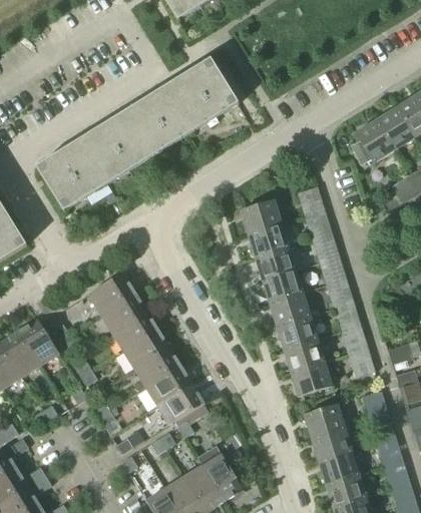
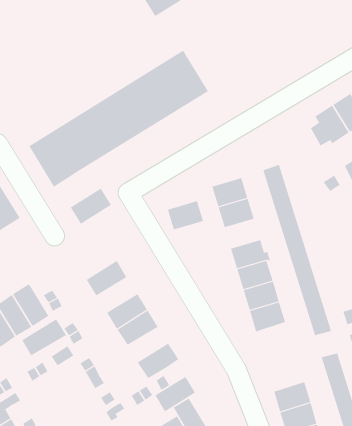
building: [255,245,296,279] -> [167,200,204,230]
building: [88,273,135,314] -> [70,188,112,225]
building: [111,311,158,351] -> none
building: none -> [21,318,67,356]
building: [290,361,331,395] -> none
building: [146,366,192,406] -> [155,376,196,412]
building: [303,403,349,438] -> none

